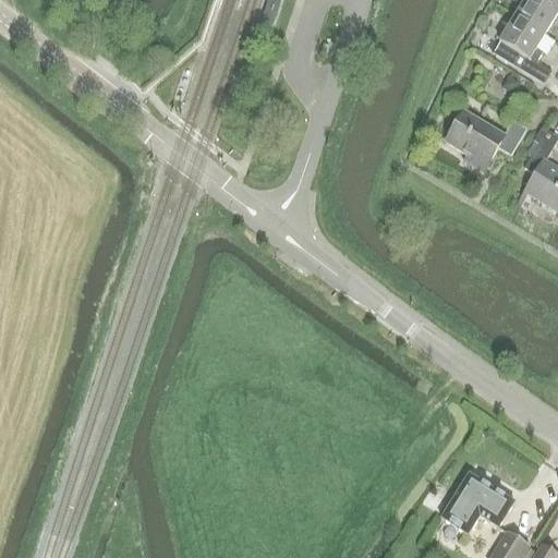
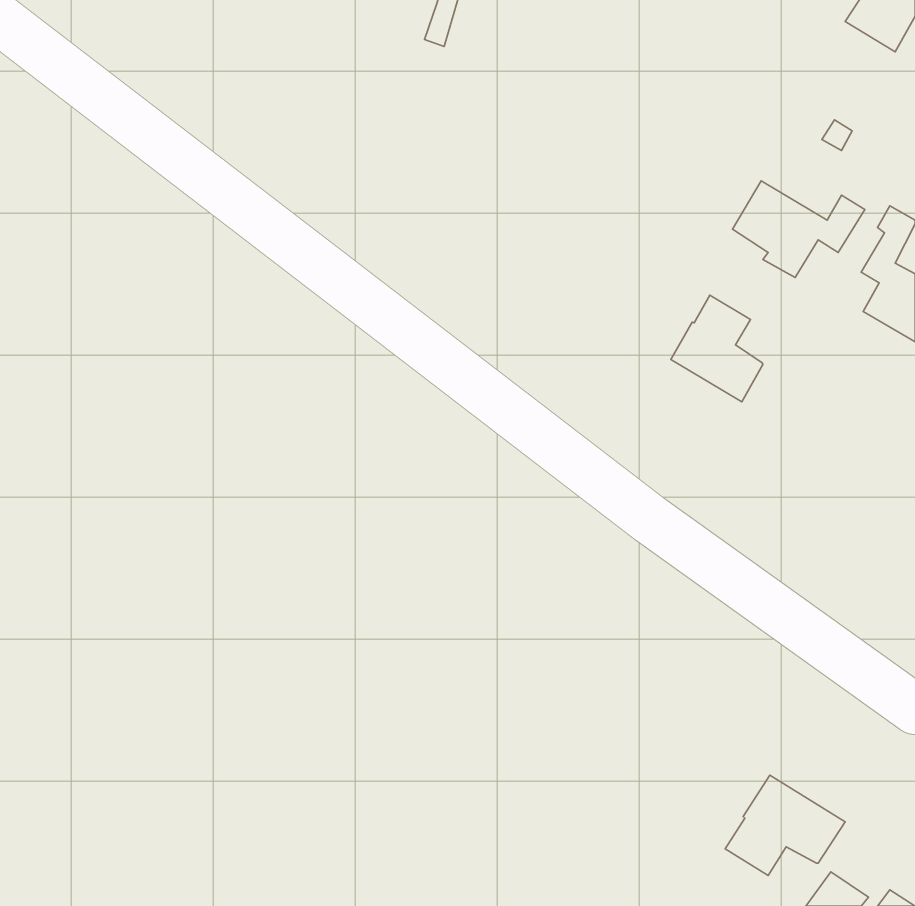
building: [492,13,550,82] -> none
building: none -> [671,295,763,402]

